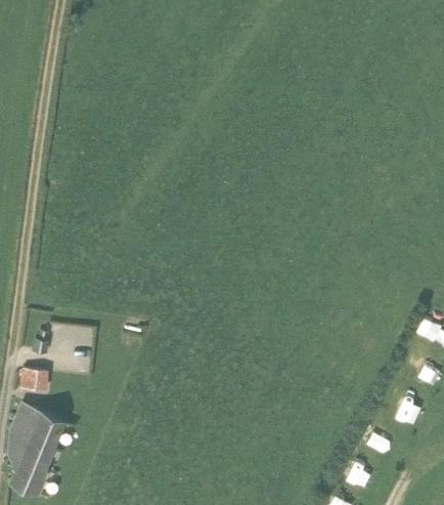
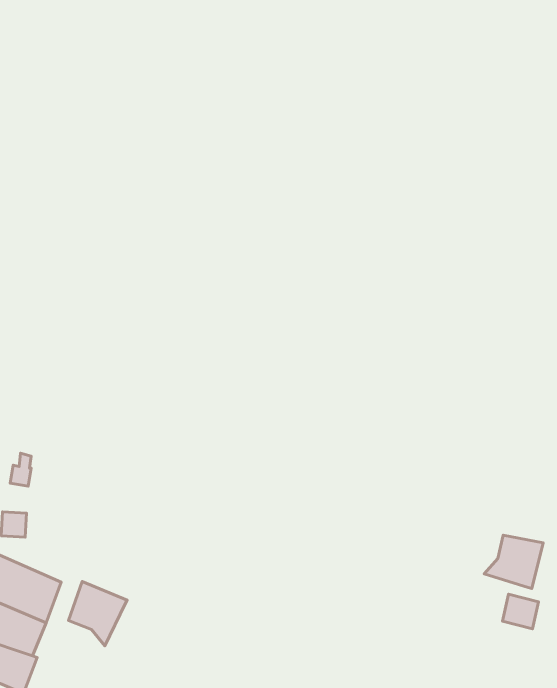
building: none -> [484,535,543,589]
building: none -> [68,581,127,646]

